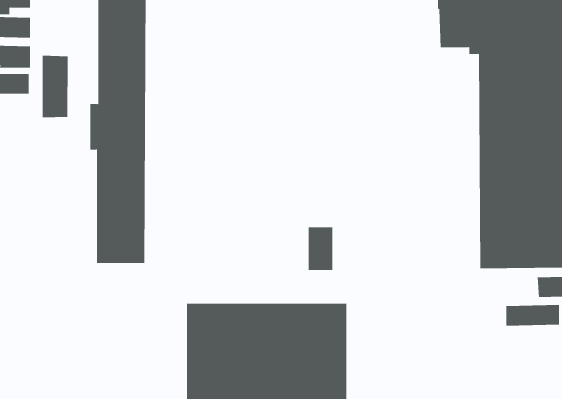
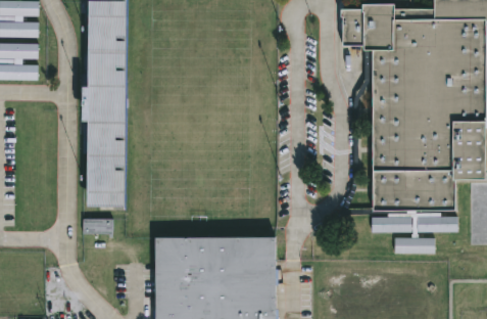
building: [42,55,68,118] -> none
building: [308,226,333,271] -> none
building: none -> [372,217,411,233]
building: none -> [83,219,113,236]

